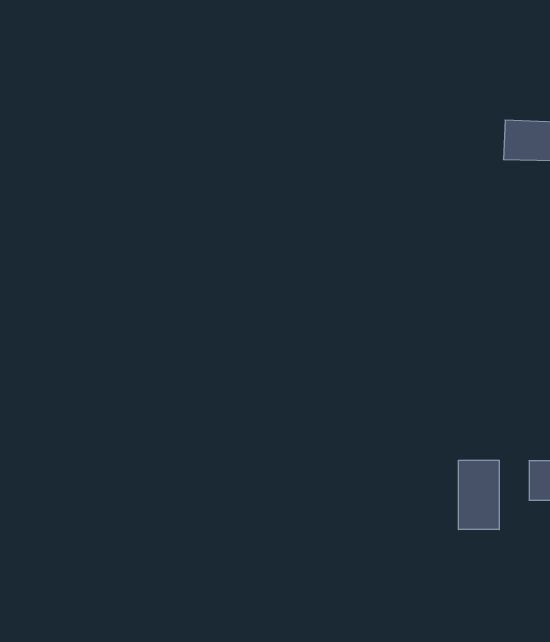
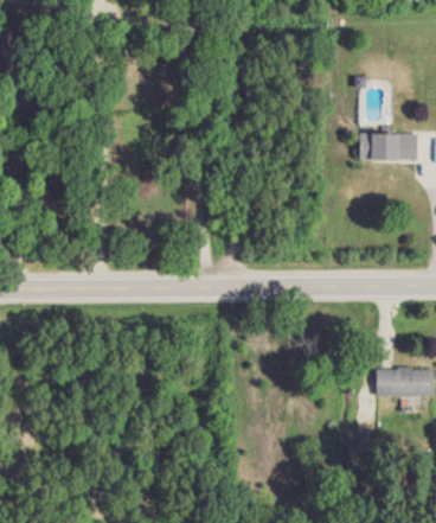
building: [459,460,499,530] -> none

